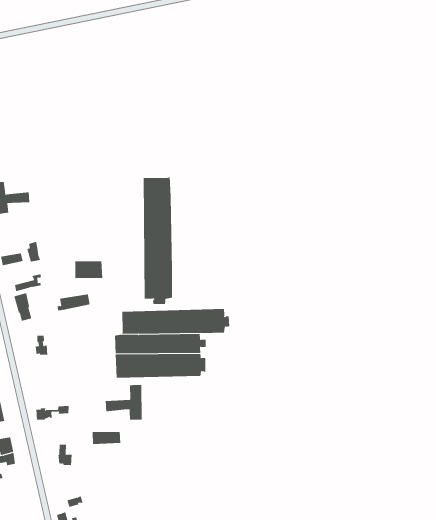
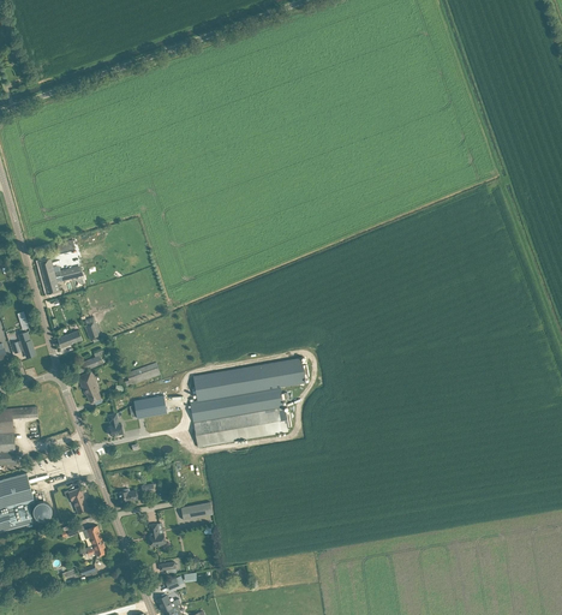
building: [143,177,173,305] -> none
building: [74,261,103,278] -> [133,395,166,418]
building: [105,384,142,420] -> none

